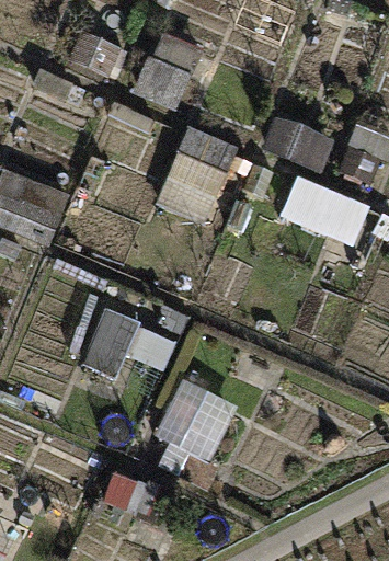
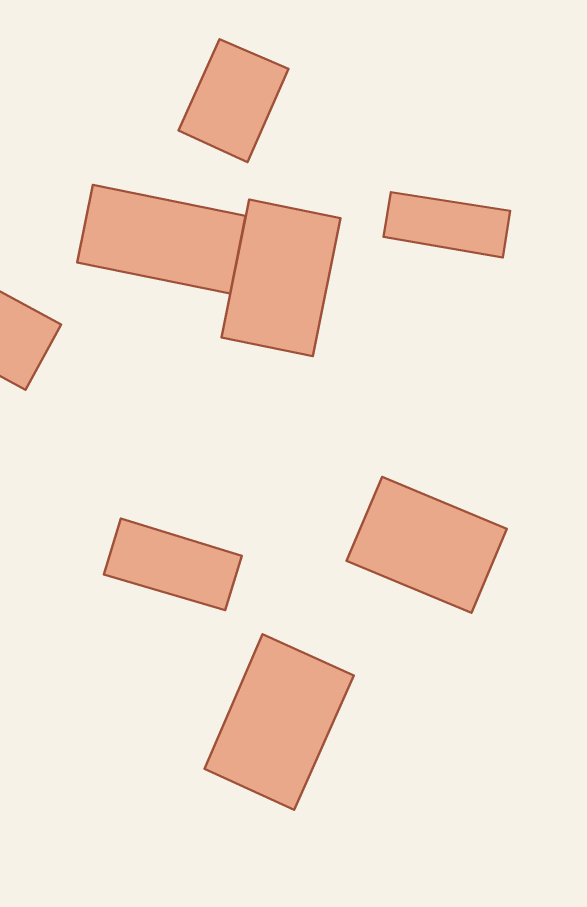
building: none -> [77,185,246,293]
building: [276,174,370,254] -> [347,477,507,613]

